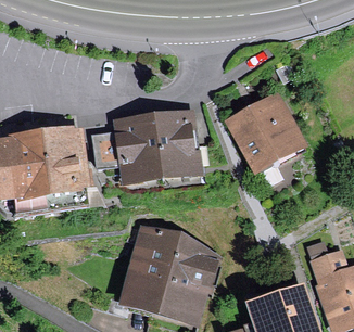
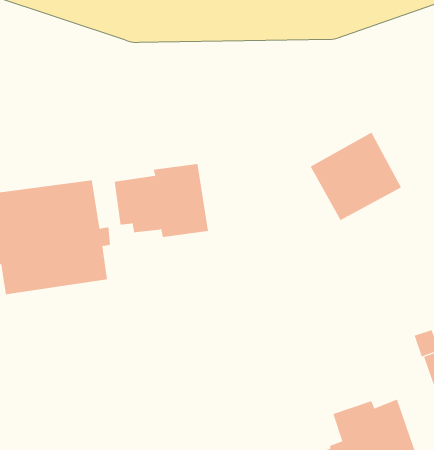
building: [153,120,193,174] -> none
building: [130,233,212,317] -> none

